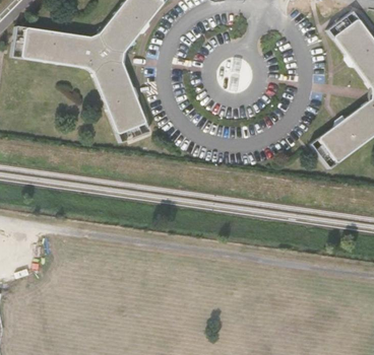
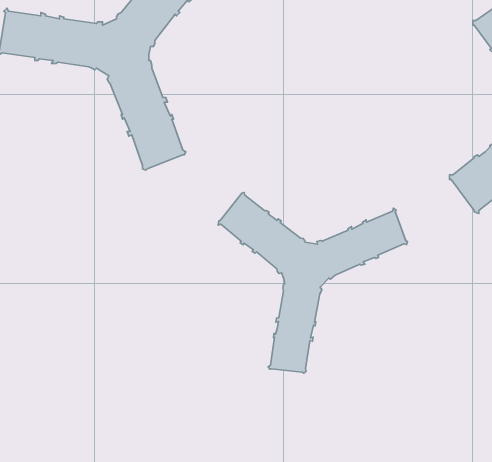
building: none -> [218,192,407,373]

